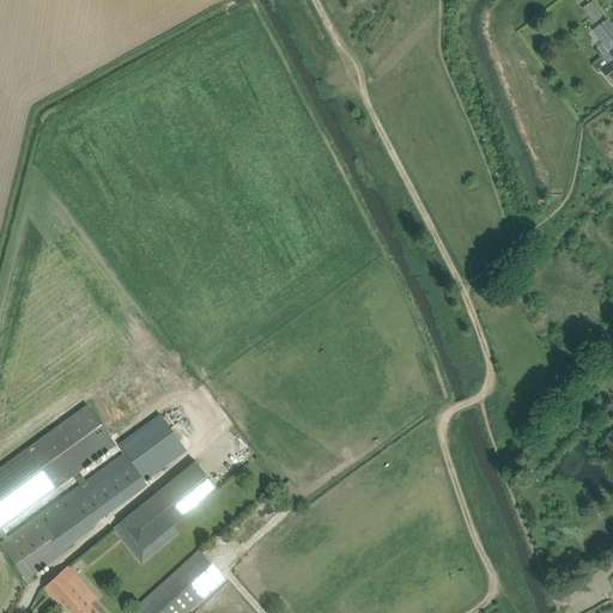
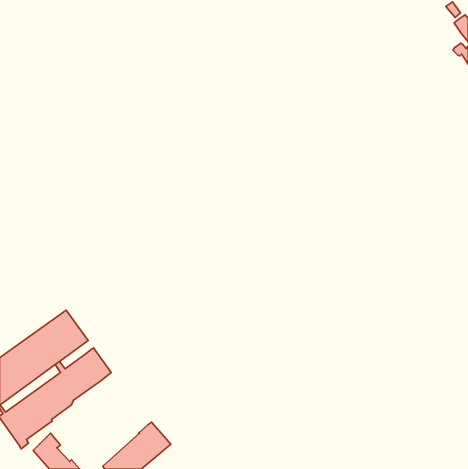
building: [117,414,186,481] -> none
building: [119,461,216,551] -> none

